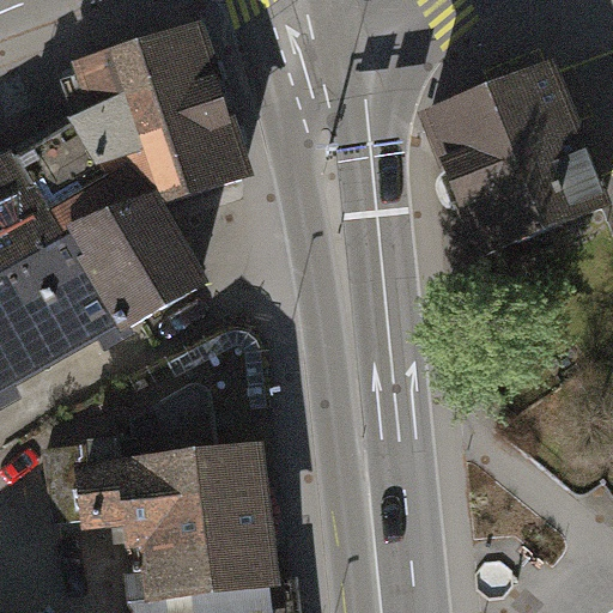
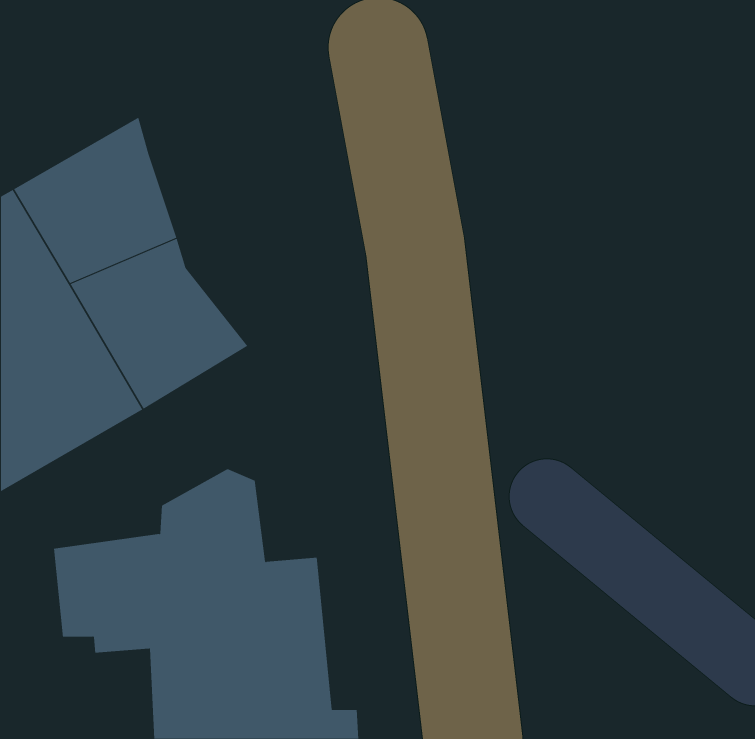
building: [99,24,248,217] -> none
building: [425,61,603,247] -> none

